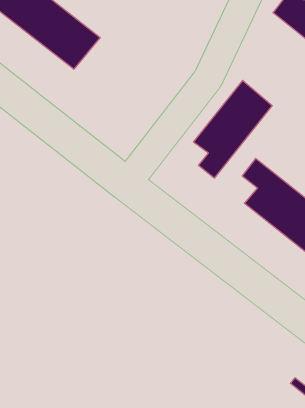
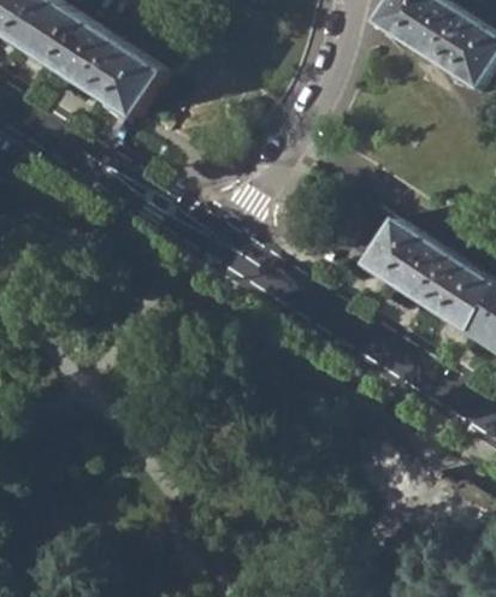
building: [194,80,272,178] -> none

